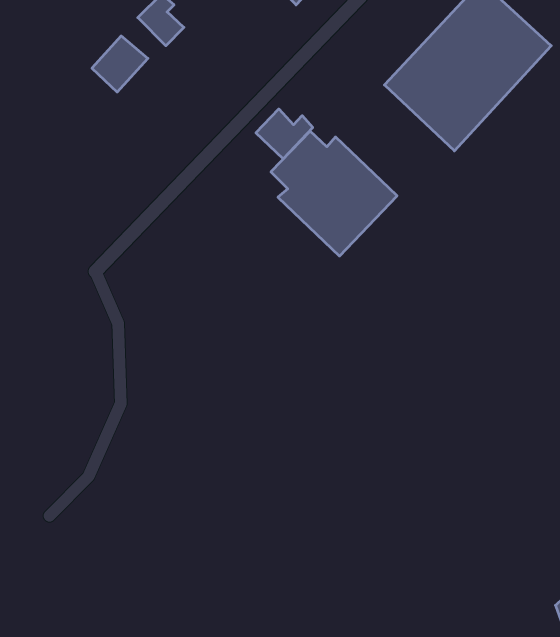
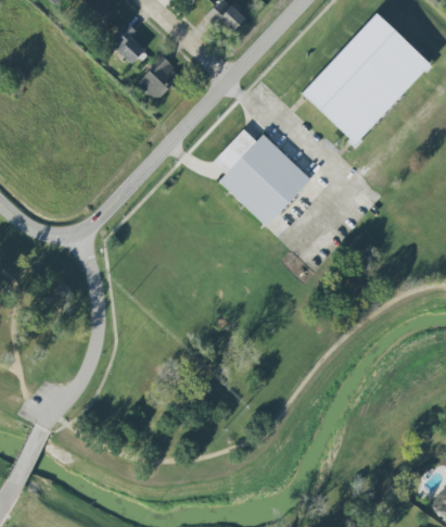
building: [92,36,148,92] -> [139,57,182,100]
building: [256,109,313,159] -> none

